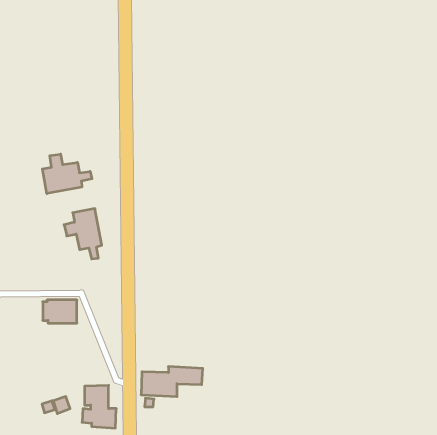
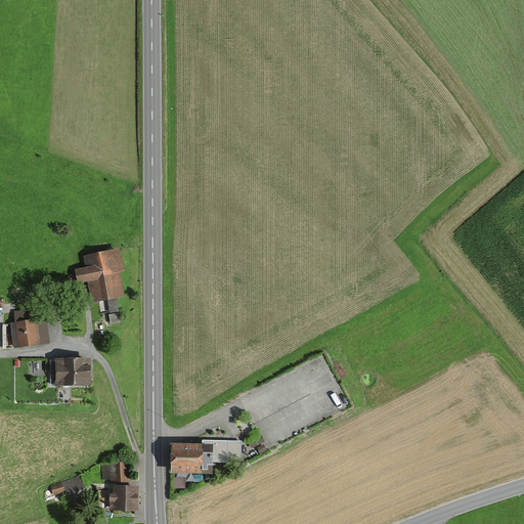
building: [42,154,92,194] -> none
building: none -> [11,309,49,347]

